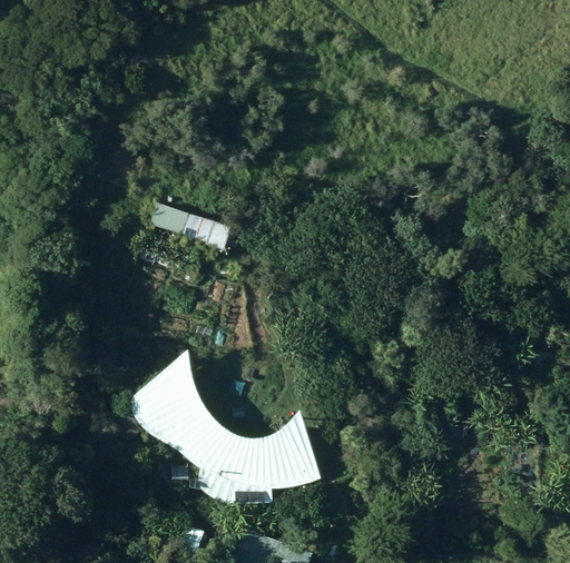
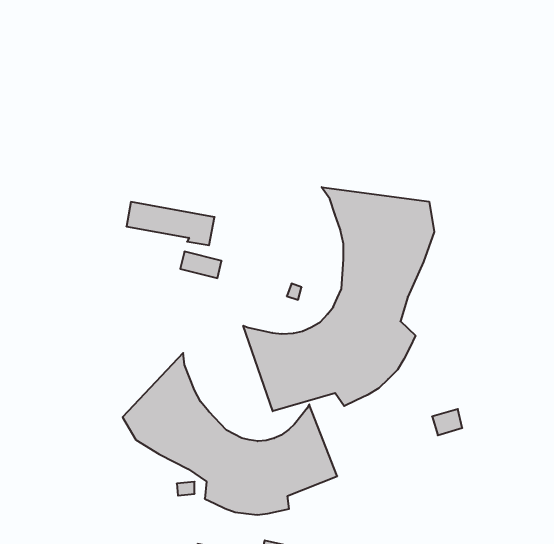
building: none -> [243,187,434,411]

